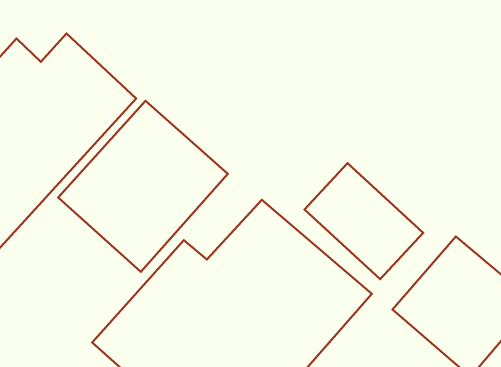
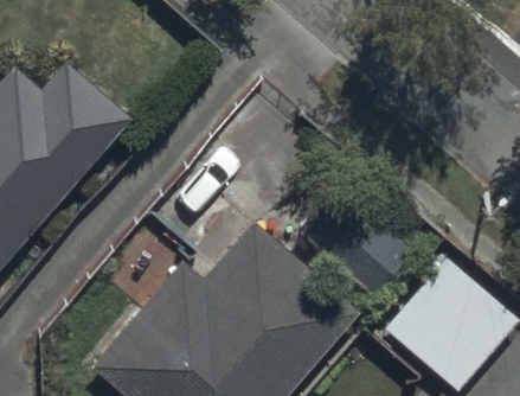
building: [58,101,228,272] -> none

